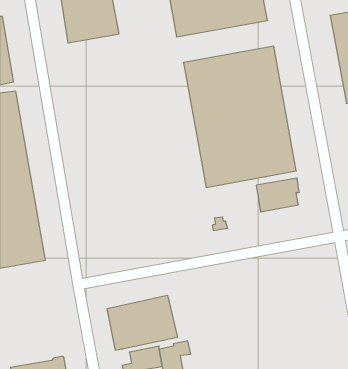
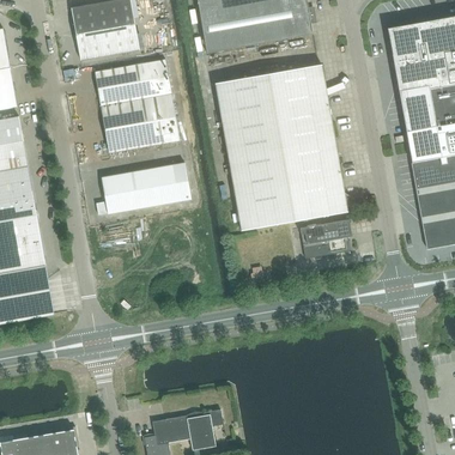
building: none -> [95,60,180,153]
building: none -> [96,163,192,216]
building: [107,295,177,350] -> none

